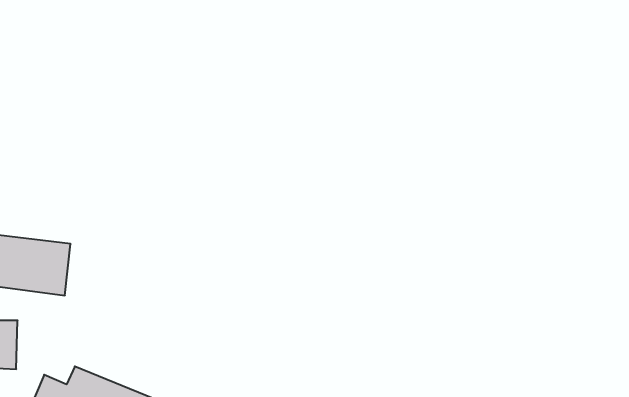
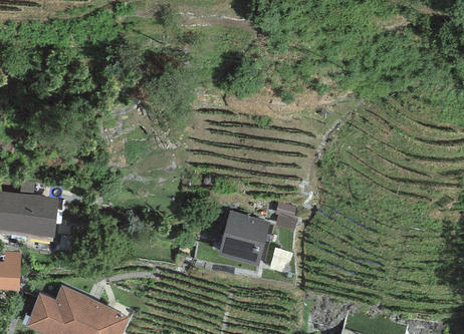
building: none -> [217,212,269,265]

